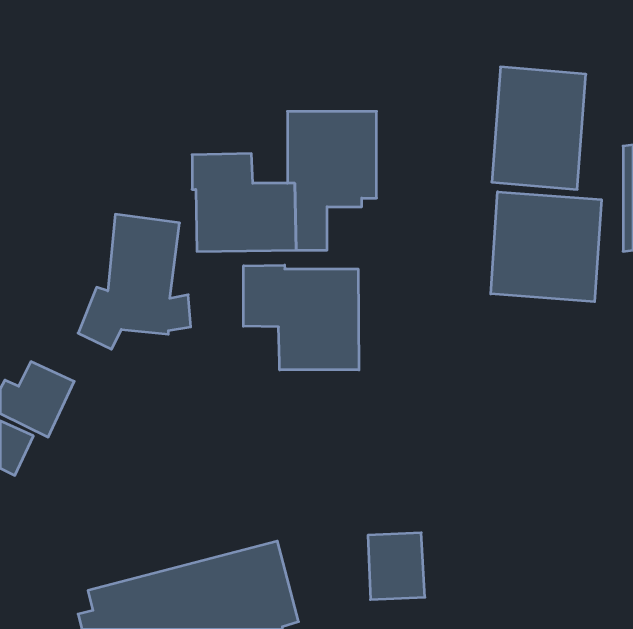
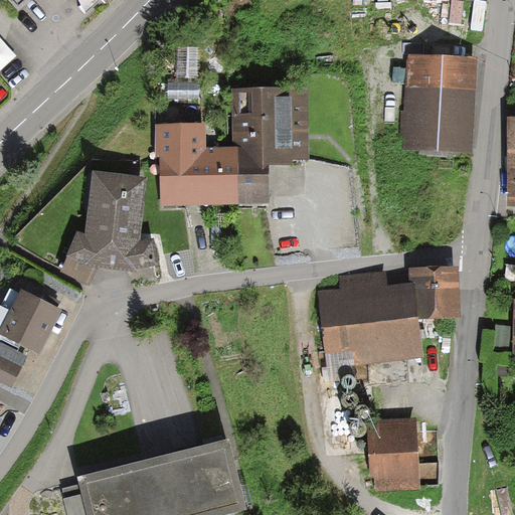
building: [491,192,601,302] -> none
building: [243,265,359,370] -> none
building: none -> [319,269,460,365]
building: [368,533,425,600] -> [366,424,412,479]

